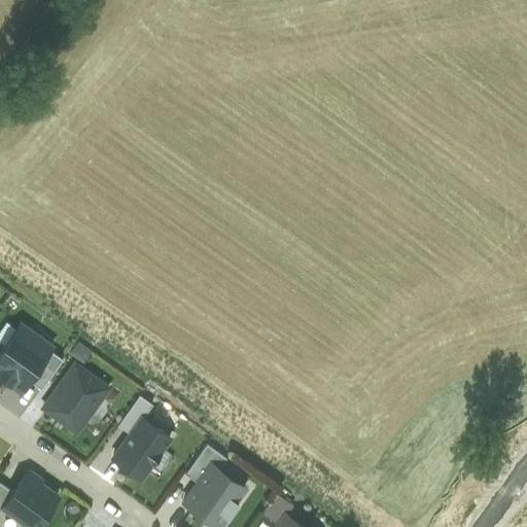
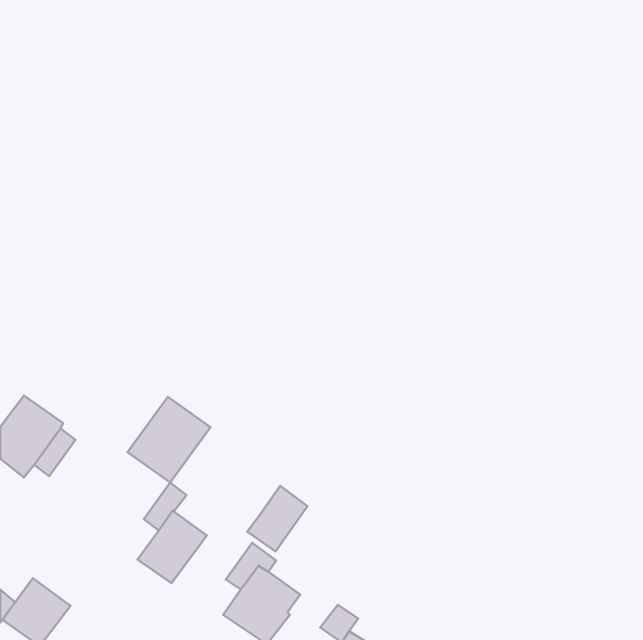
building: [42,364,110,434] -> [127,397,211,483]
building: none -> [247,486,308,552]

